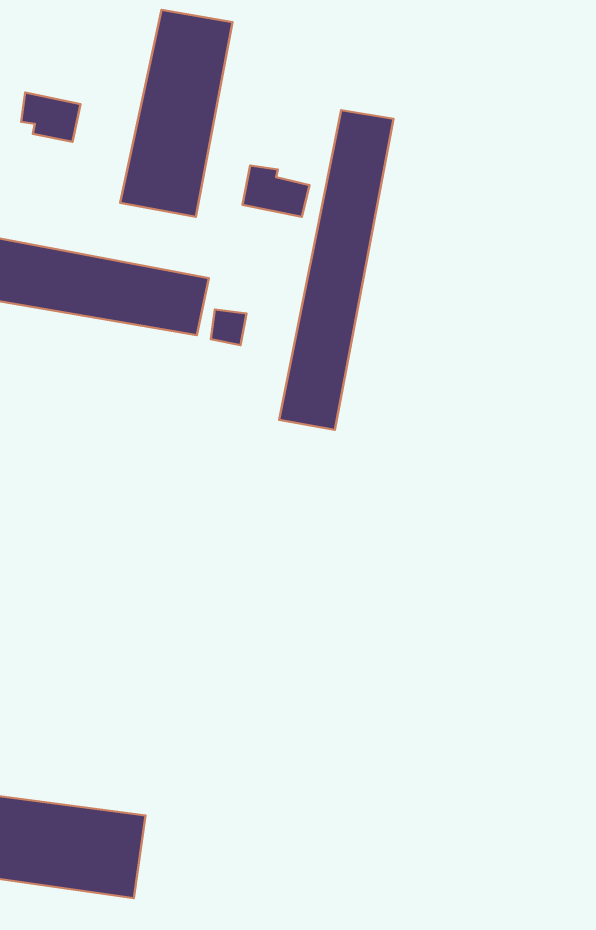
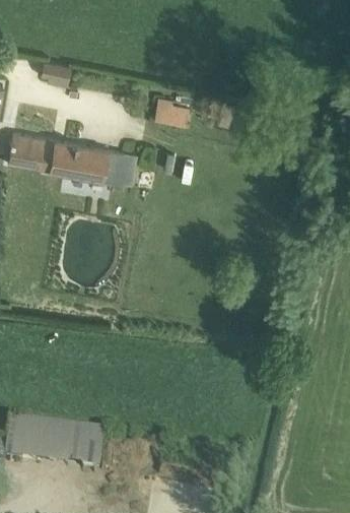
building: [120,10,232,217] -> none
building: [279,110,394,430] -> none

